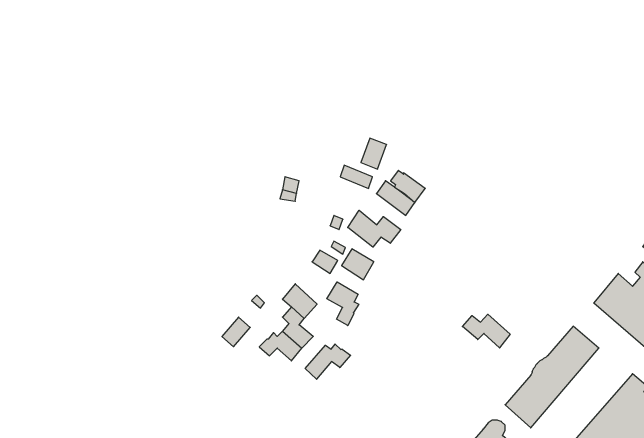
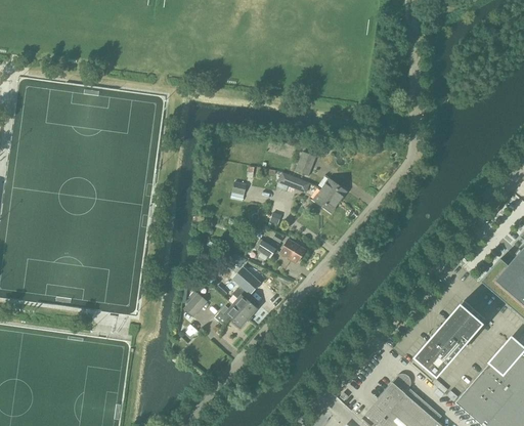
building: [348,210,401,247] -> none
building: [327,282,359,326] -> none
building: [462,314,510,348] -> none
building: [305,344,351,379] -> none

